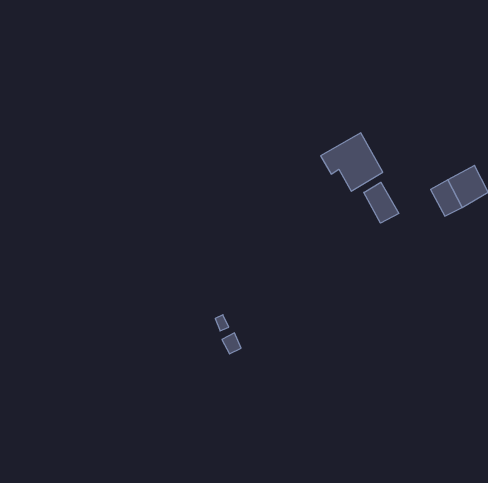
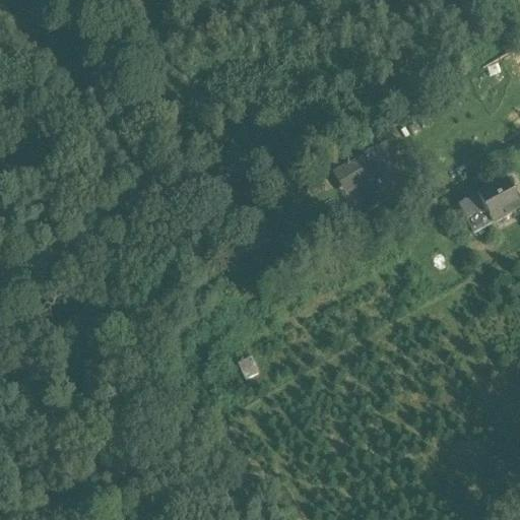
building: [364,182,399,223] -> none

